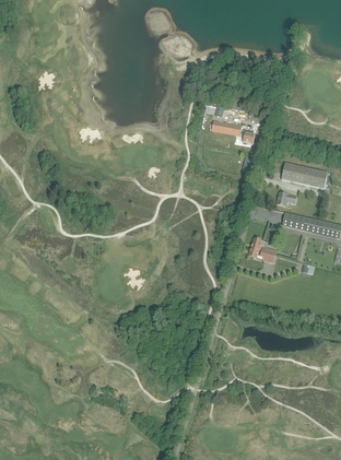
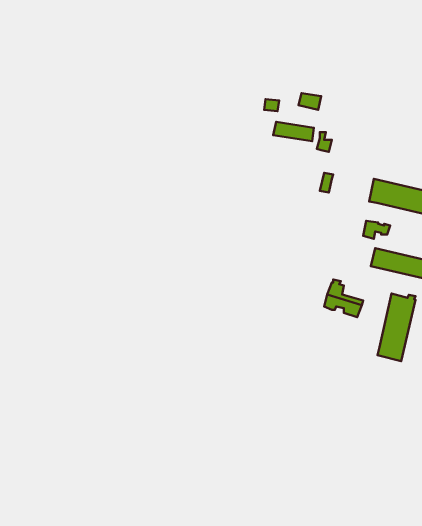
building: none -> [377,294,415,361]

